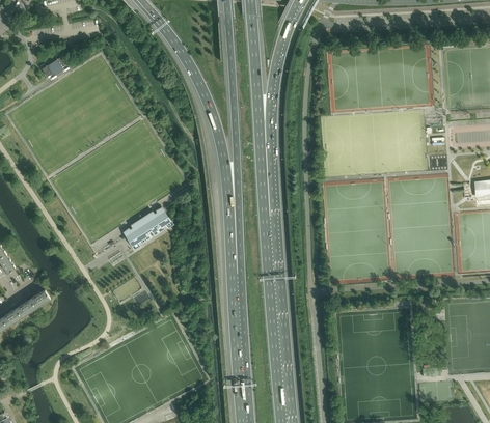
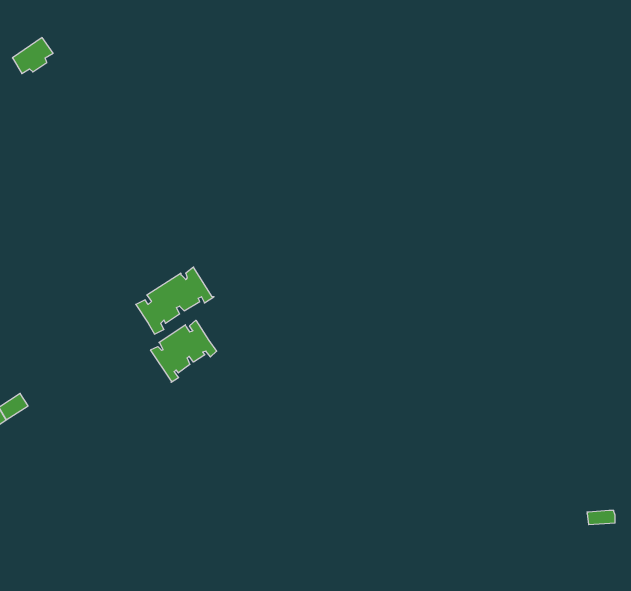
building: none -> [151,320,217,382]

